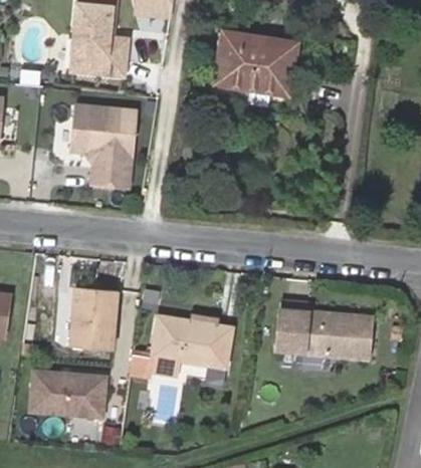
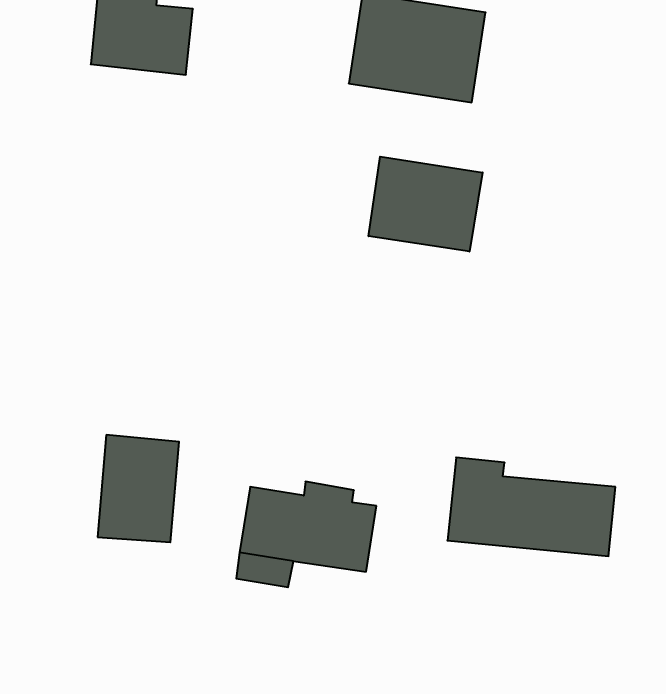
building: [68,102,134,184] -> none
building: none -> [369,157,483,252]
building: [31,371,108,417] -> none

